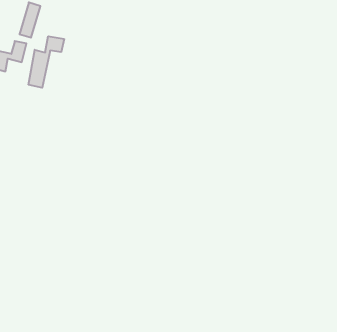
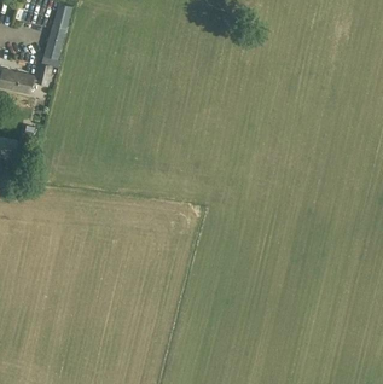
building: [29,36,64,88] -> none

